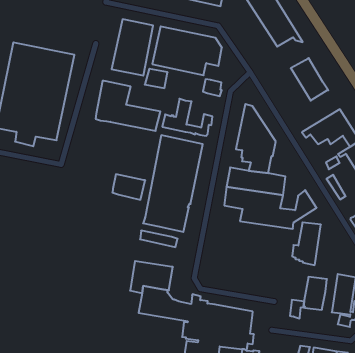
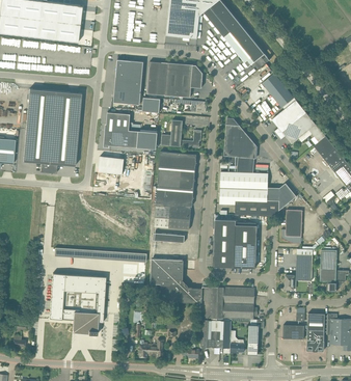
building: none -> [272,98,306,135]
building: [112,174,145,200] -> [99,156,125,174]
building: none -> [213,219,258,268]
building: none -> [50,273,106,334]

